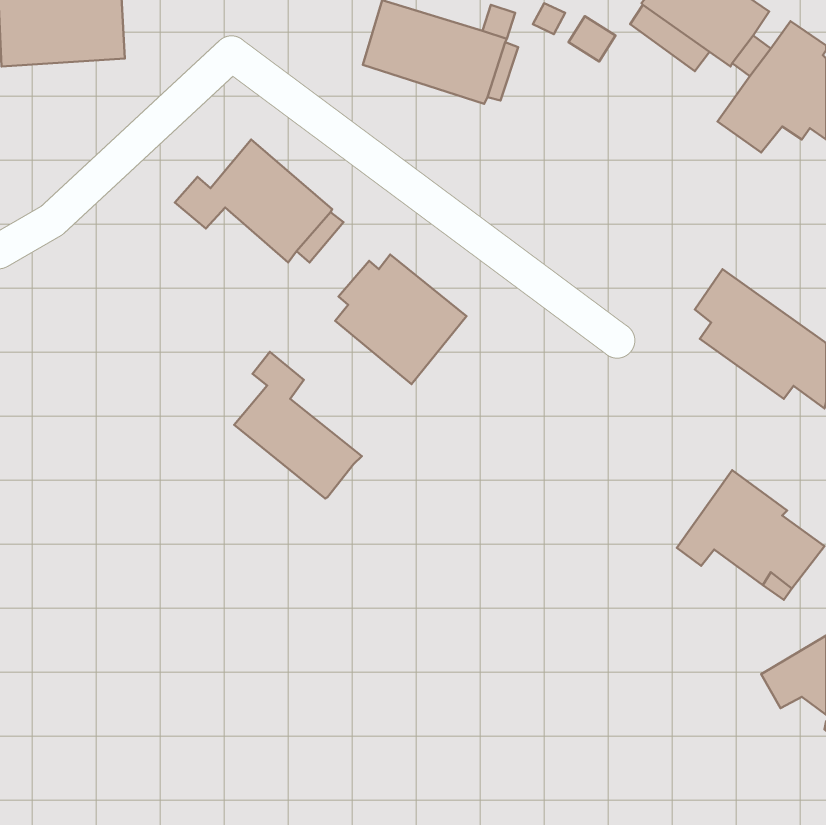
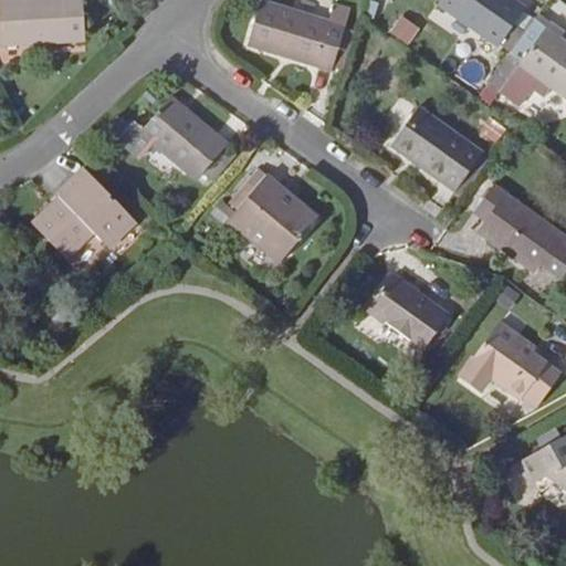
building: none -> [391,107,483,191]
building: none -> [32,167,137,258]
building: [234,352,362,499] -> none
building: none -> [368,274,449,350]

